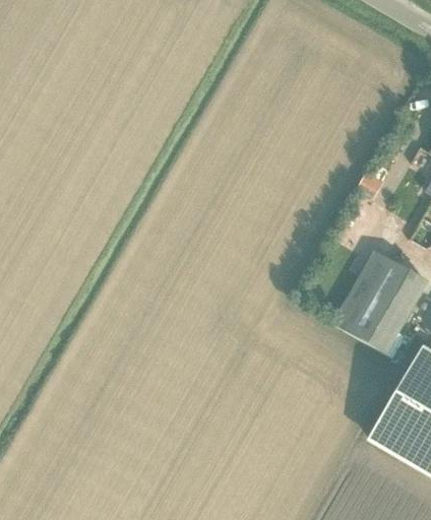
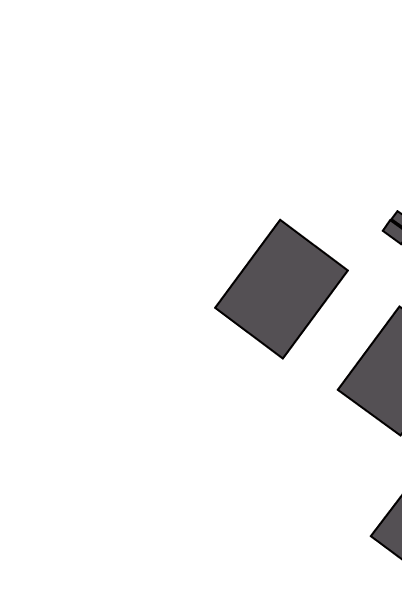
building: none -> [215,220,348,358]

